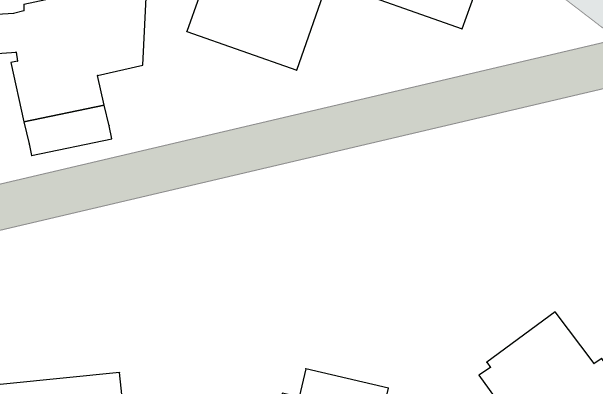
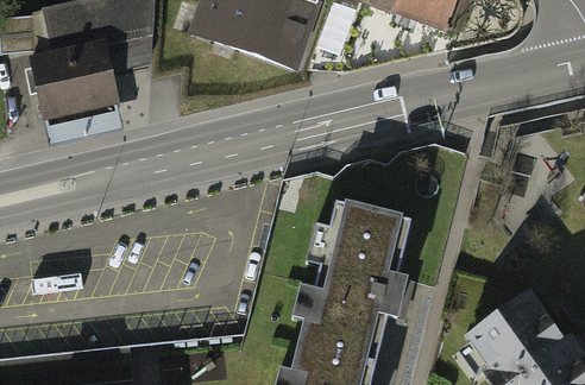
building: none -> [294,200,413,360]

